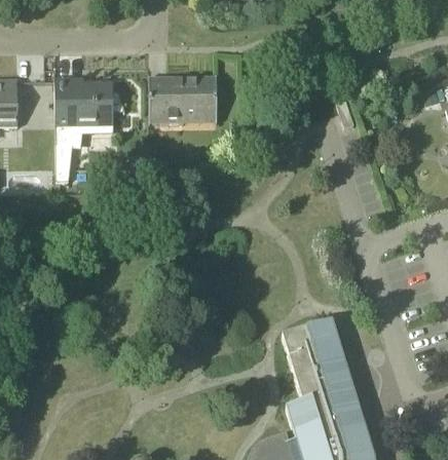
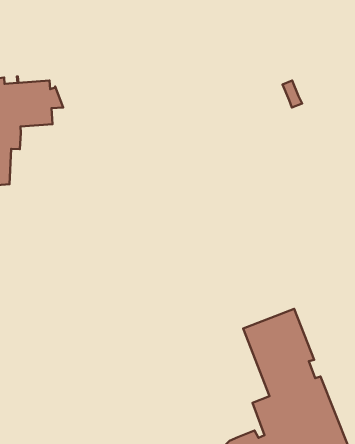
building: [148,75,217,123] -> none

